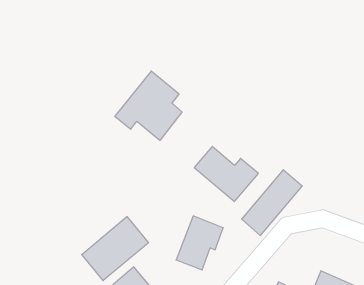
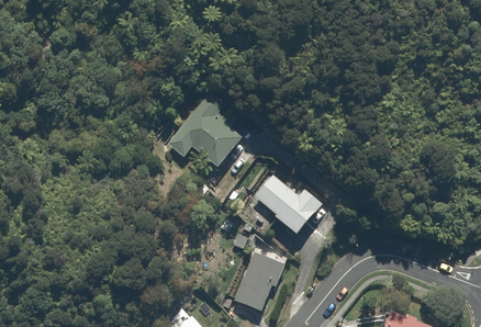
building: [242,170,302,235] -> none
building: [82,217,148,281] -> none

